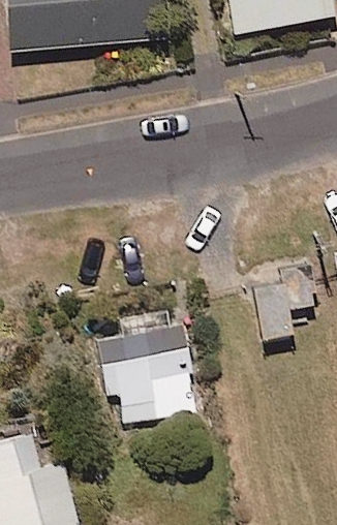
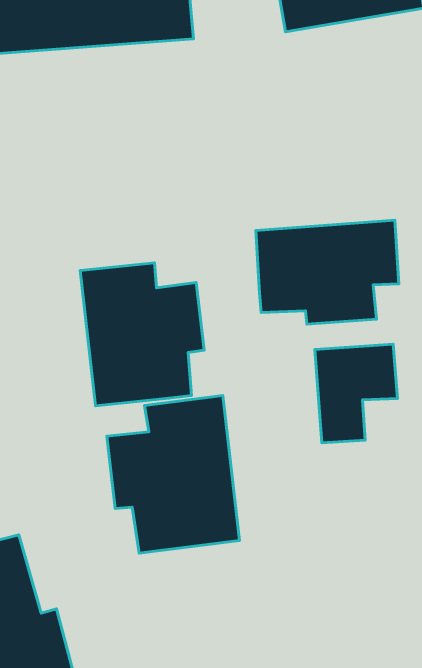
building: none -> [256,220,399,324]
building: none -> [80,263,204,406]

